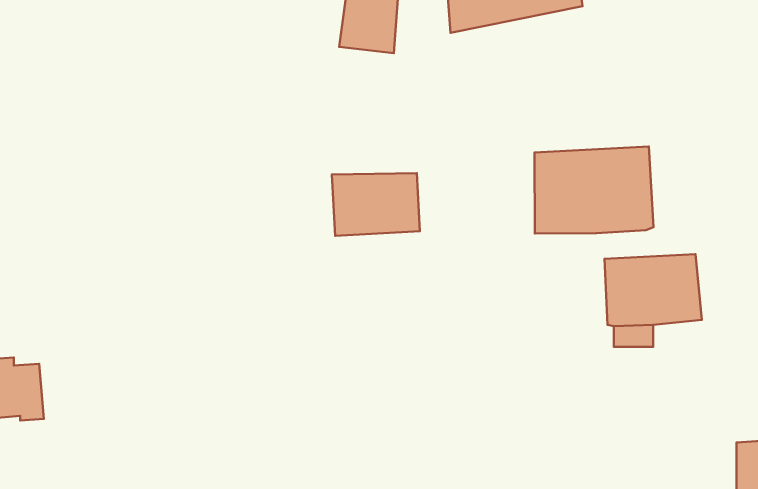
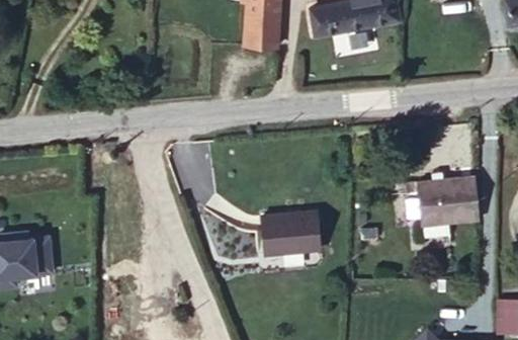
building: [534,147,653,234] -> none
building: [332,173,420,236] -> [261,206,318,247]

